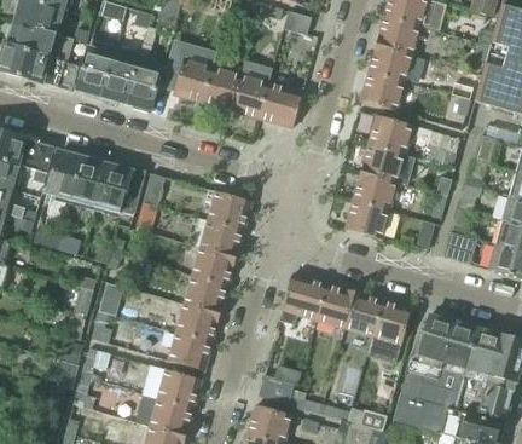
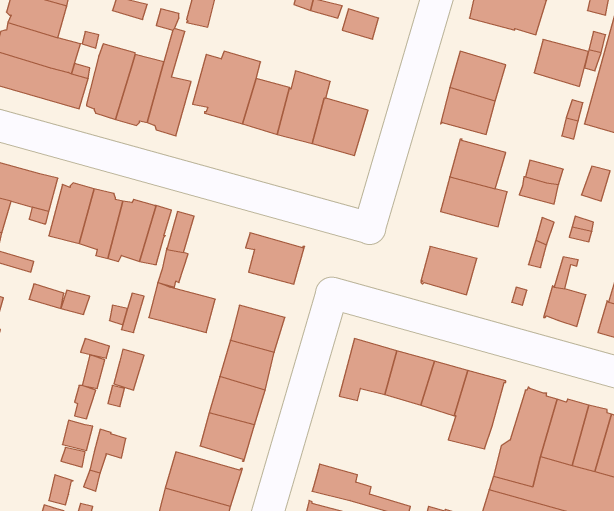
building: [376,18,419,56] -> [534,39,588,86]
building: [352,173,396,211] -> none
building: [190,218,243,258] -> [149,283,215,333]

